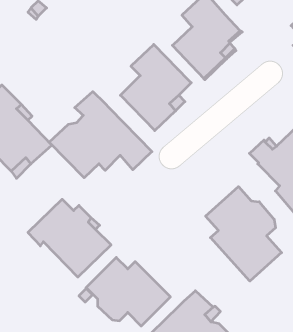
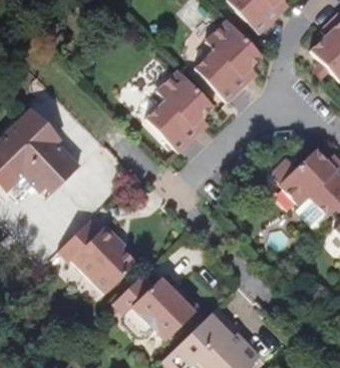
building: [49,92,152,178] -> none
building: [206,187,282,281] -> none

